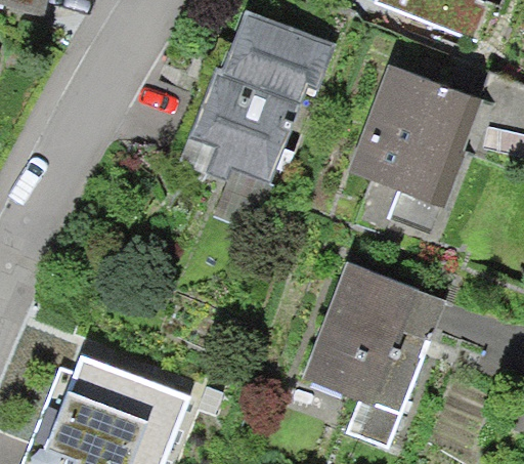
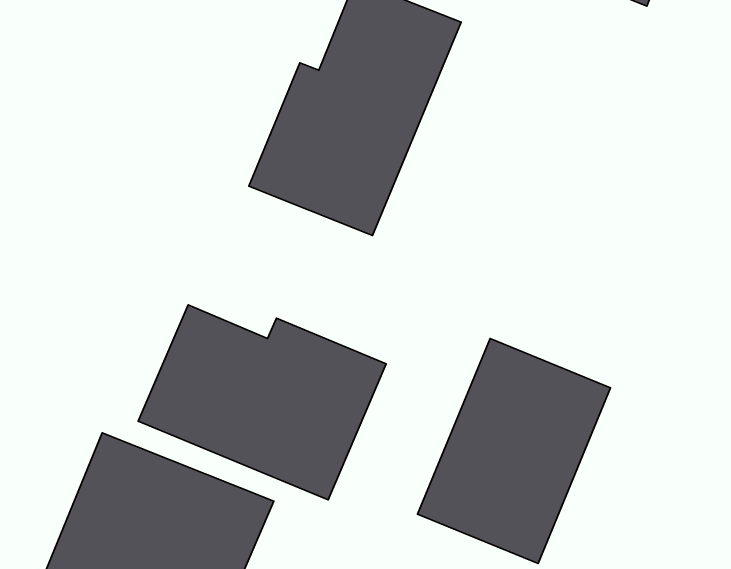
building: [349,68,482,210] -> none
building: none -> [138,305,386,500]

